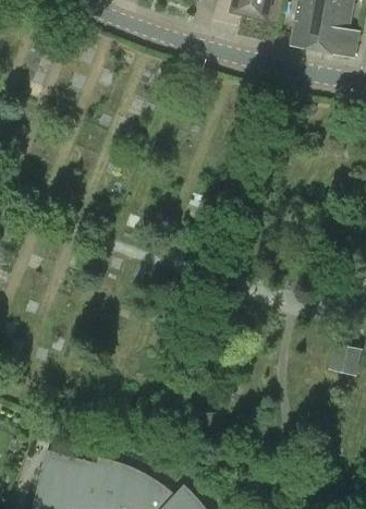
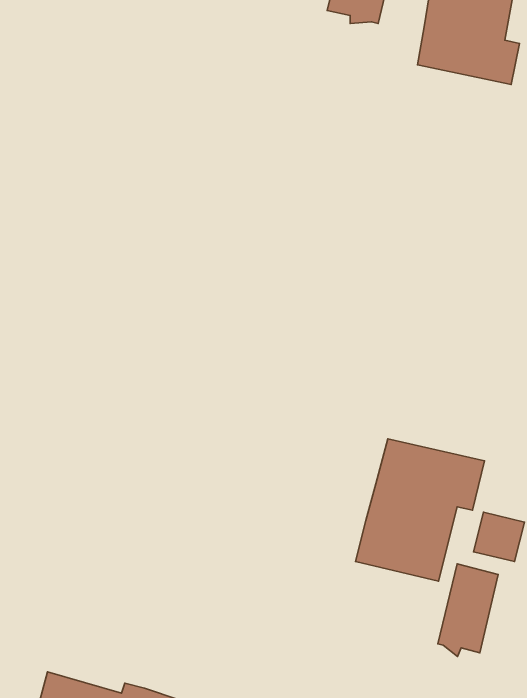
building: none -> [356,439,484,581]
building: none -> [438,564,498,656]

